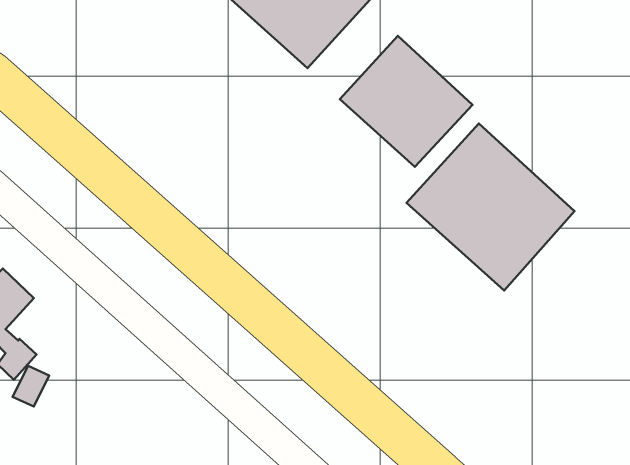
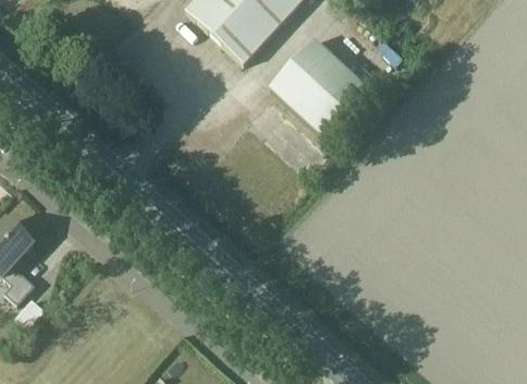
building: [407,123,575,290] -> none

